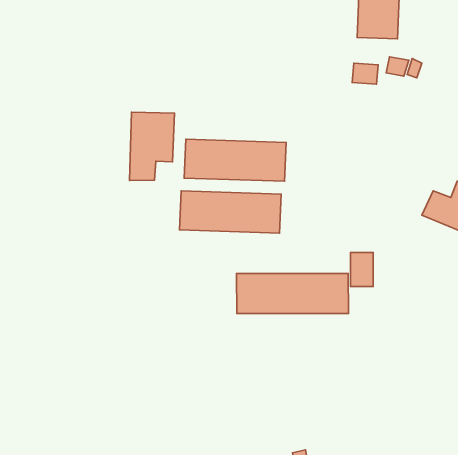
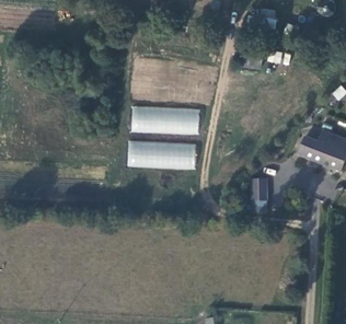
building: [129,112,175,181] -> none
building: [236,274,348,313] -> none

